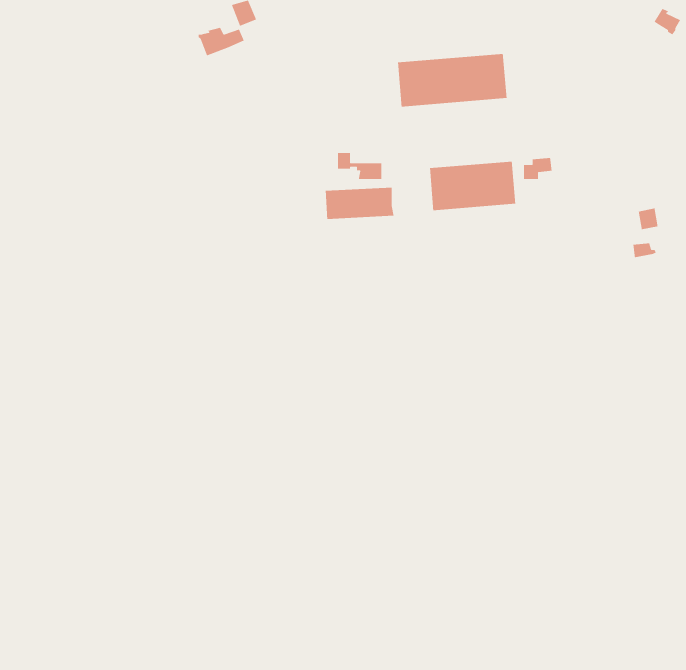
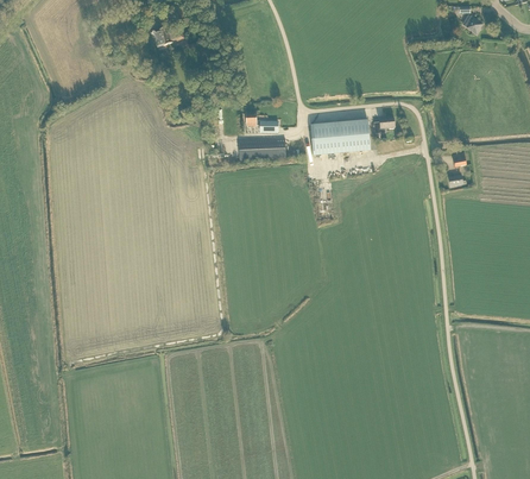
building: [397,53,507,107] -> none

